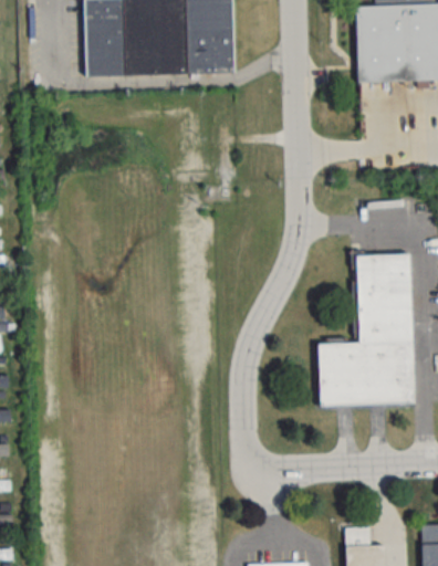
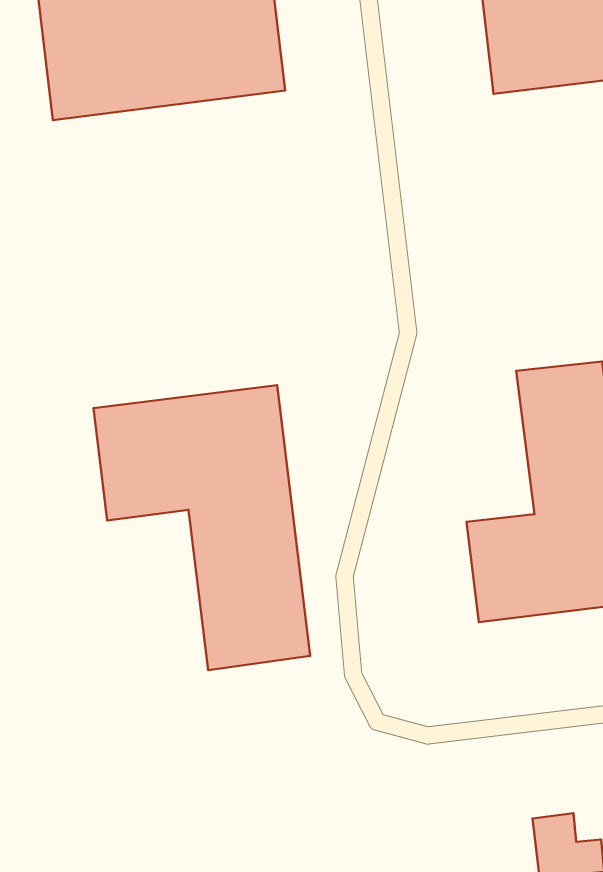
building: none -> [93,385,310,670]

